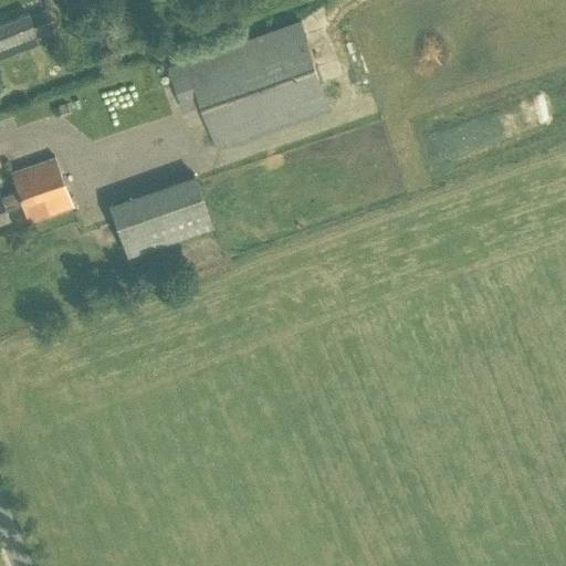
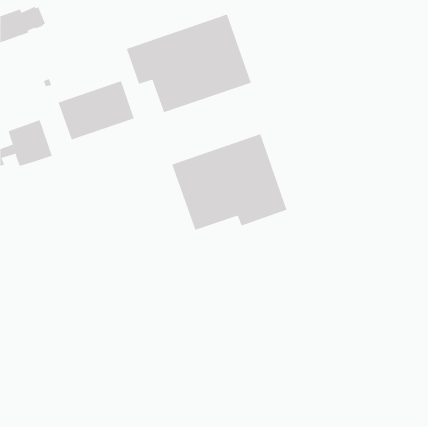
building: none -> [171,133,287,231]
building: [108,178,210,258] -> [58,80,135,141]

